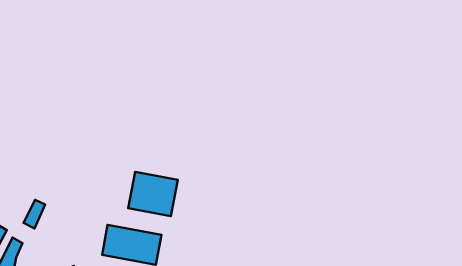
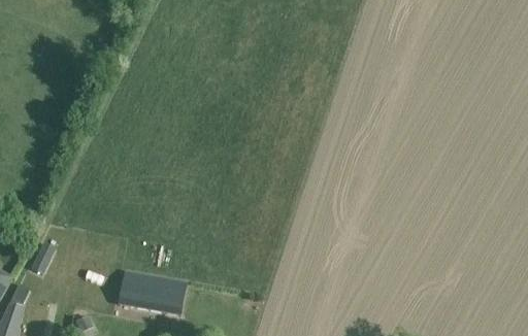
building: [128,172,178,216] -> none

